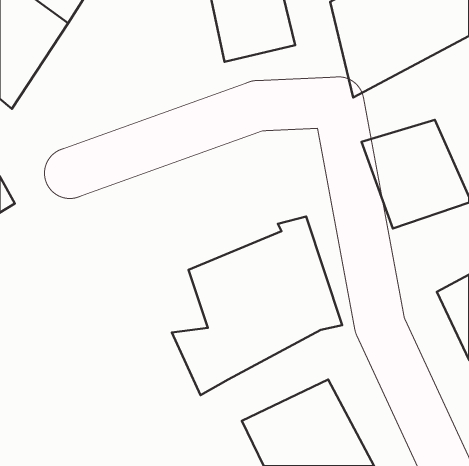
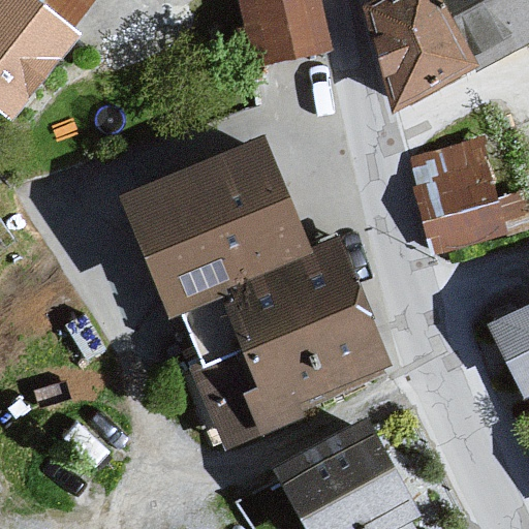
building: none -> [120,141,316,321]

